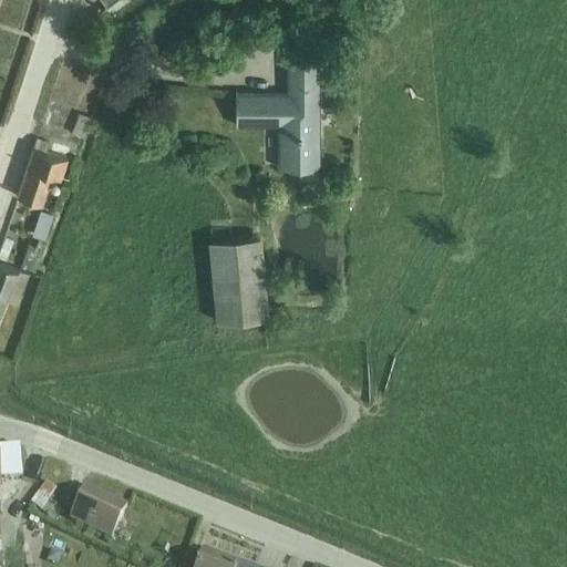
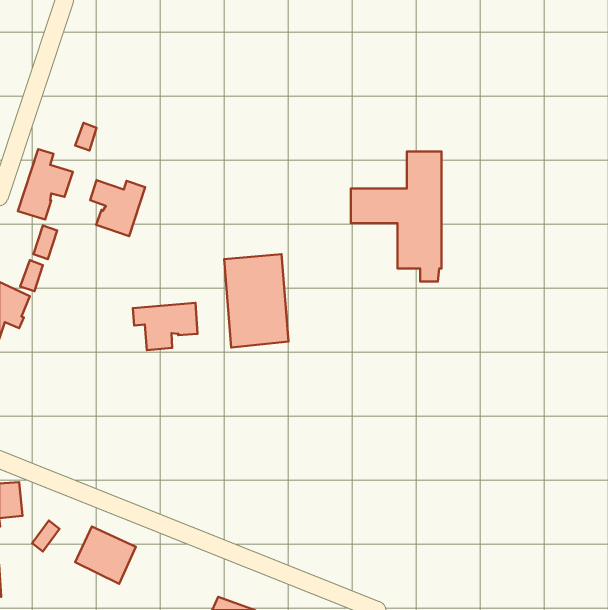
building: [235,58,319,178] -> [351,151,442,282]
building: none -> [90,180,145,236]
building: none -> [133,303,197,350]

